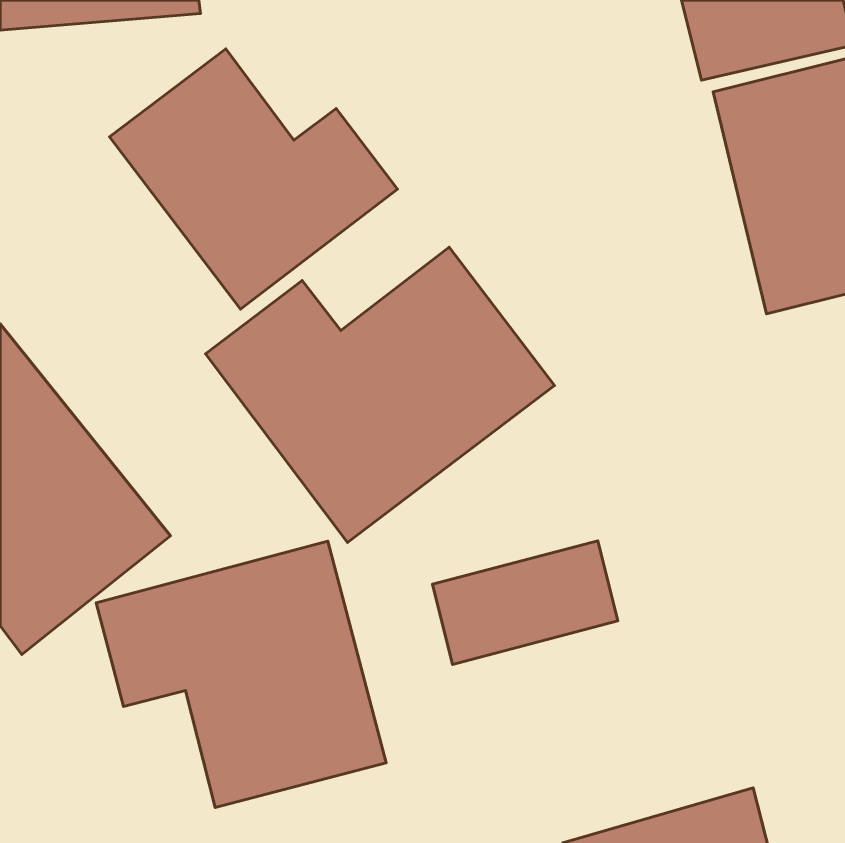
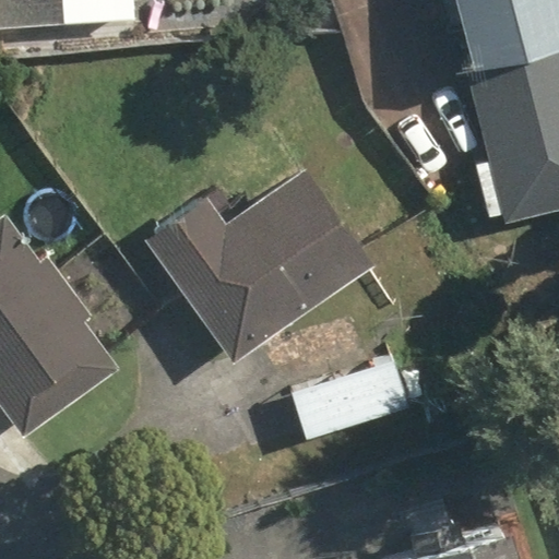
building: [110,49,397,309] -> none
building: [96,541,386,808] -> none

